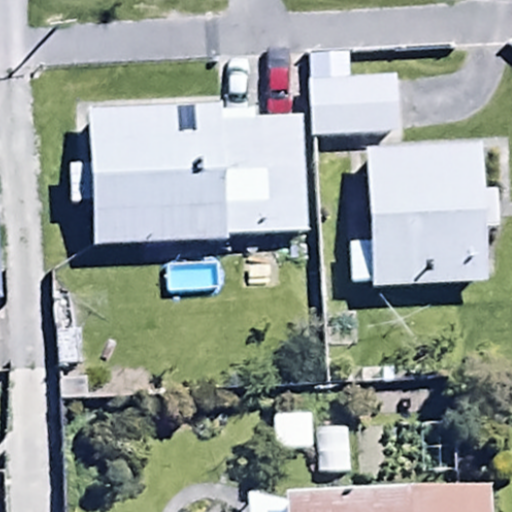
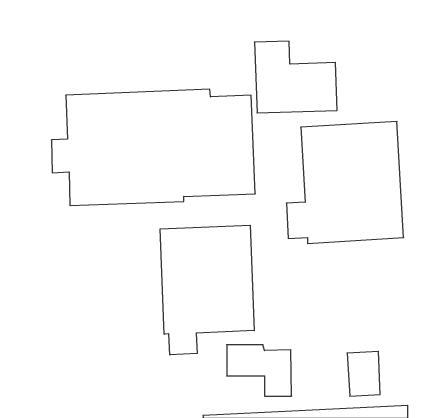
building: none -> [160,225,254,355]

